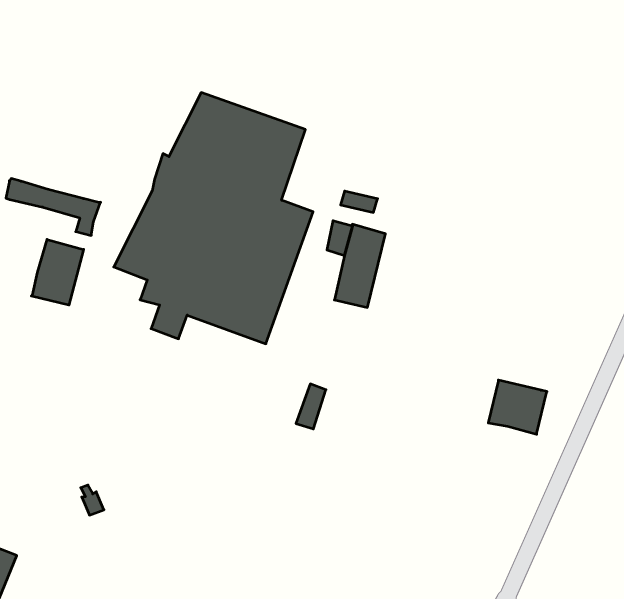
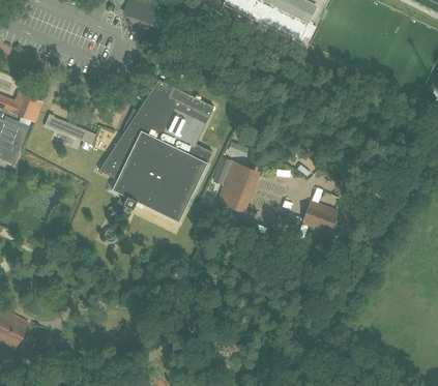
building: [31,239,84,305] -> none
building: [488,380,547,434] -> [302,201,337,233]

